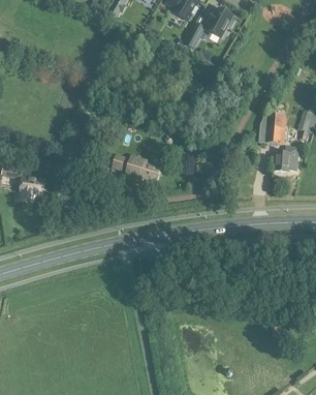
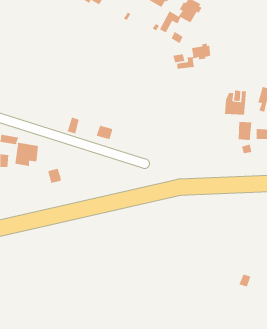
building: none -> [177,43,211,70]
building: [125,159,158,180] -> none

